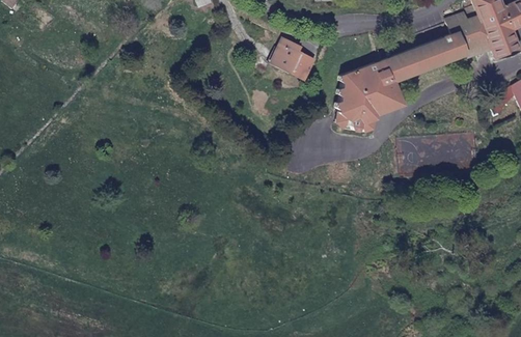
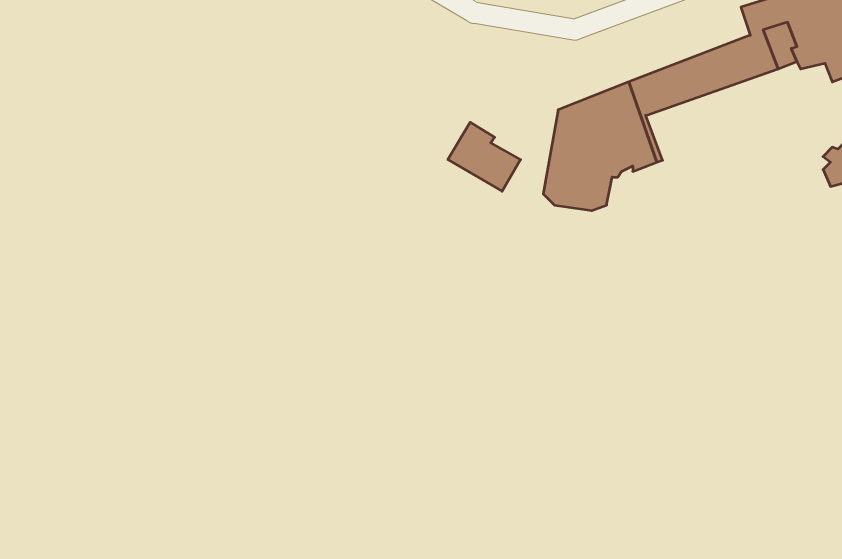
building: [271,37,311,76] -> [448,122,521,191]

